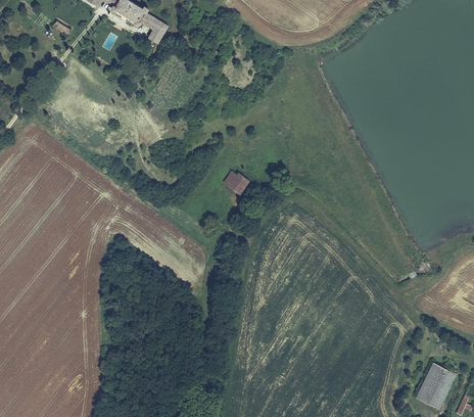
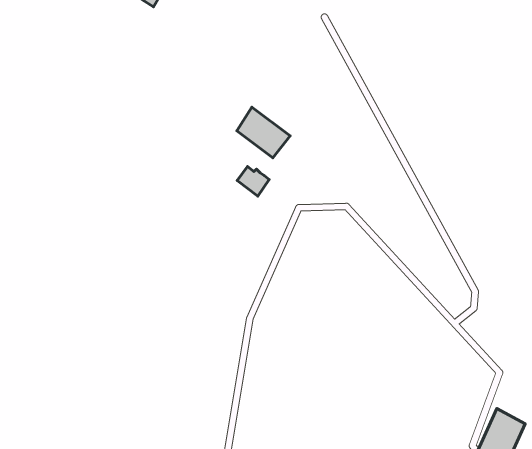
building: none -> [237,107,290,158]

